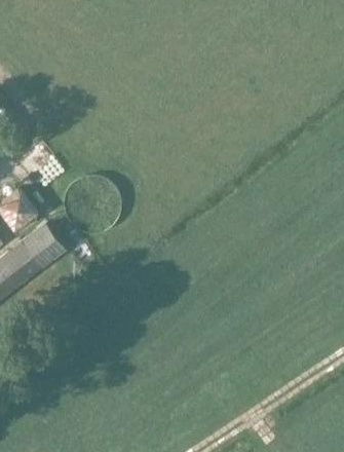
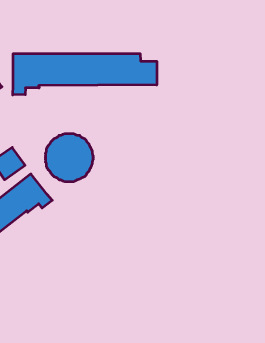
building: none -> [13,54,157,95]

